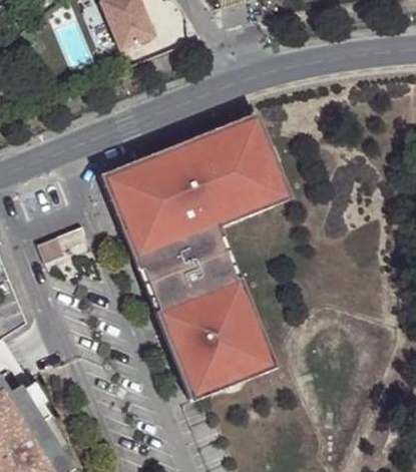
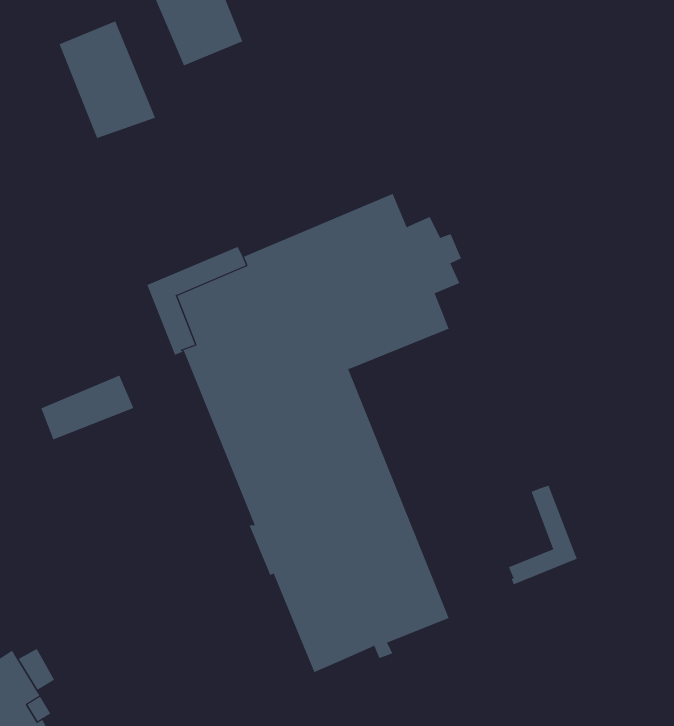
building: none -> [59,20,156,139]
building: none -> [508,485,577,585]

